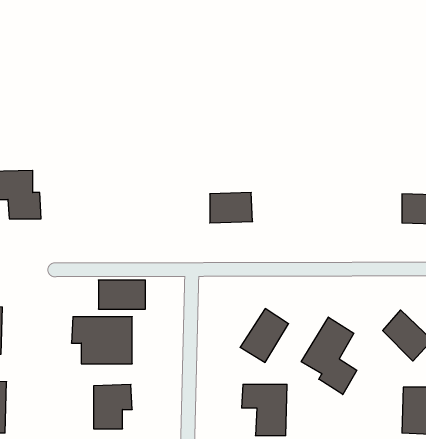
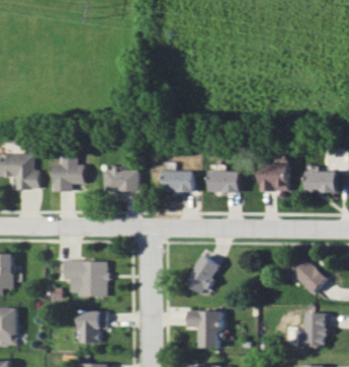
building: none -> [55,156,87,191]
building: none -> [260,163,289,191]
building: none -> [209,171,241,192]
building: [98,280,145,309] -> [106,170,141,191]
building: [301,317,357,395] -> none

